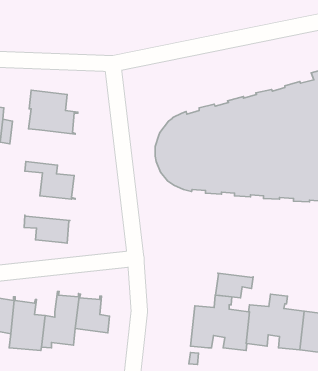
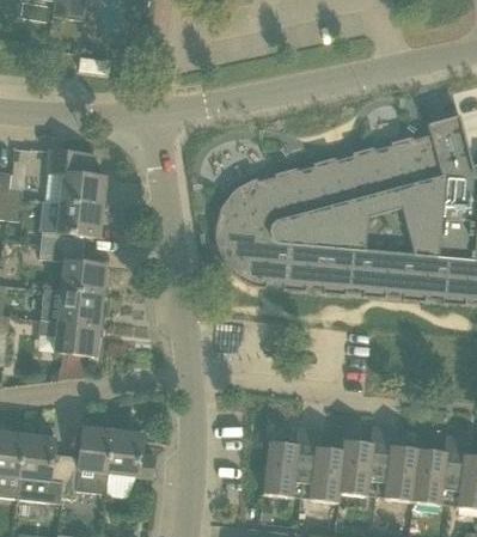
building: none -> [39,201,106,249]
building: none -> [39,288,103,325]
building: [216,273,253,298] -> none

